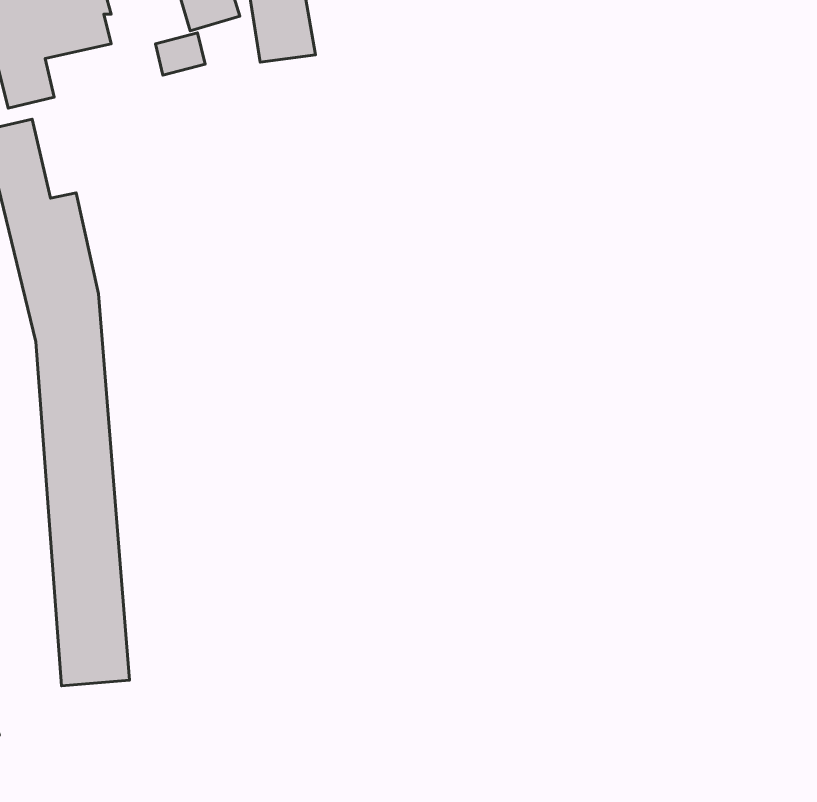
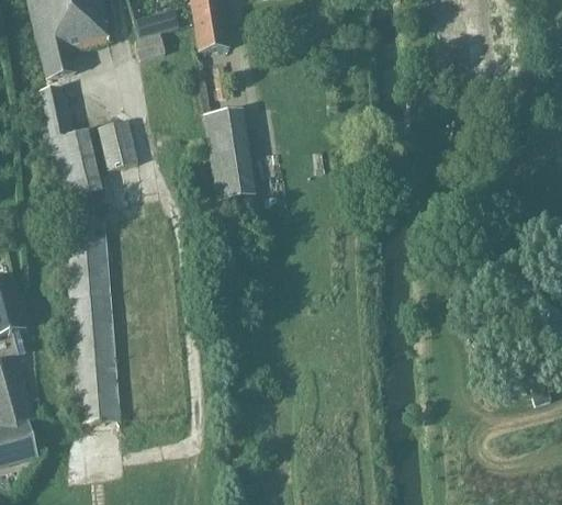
building: none -> [202,108,257,200]
building: none -> [98,119,138,168]

